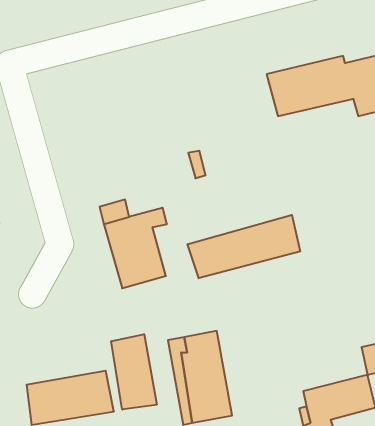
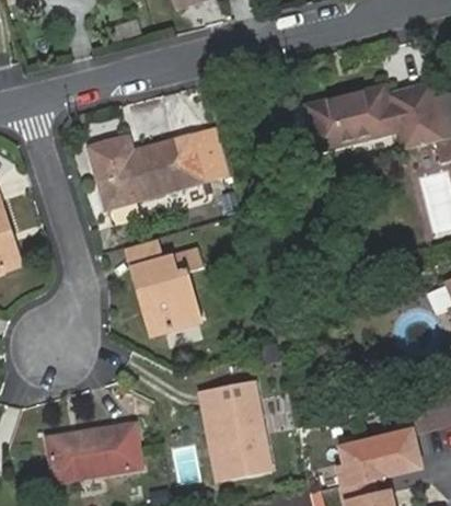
building: none -> [90,129,229,208]
building: [188,215,300,278] -> none
building: [111,334,157,410] -> none

